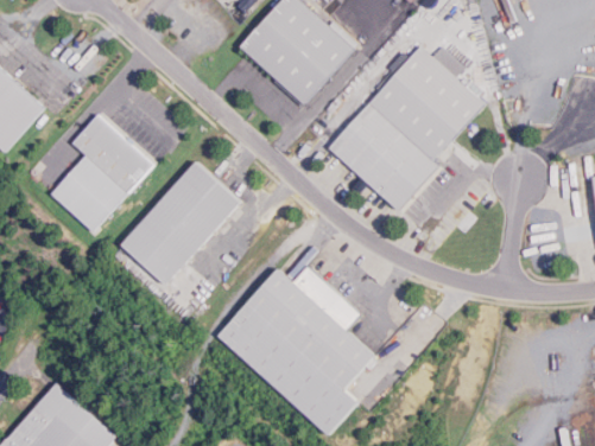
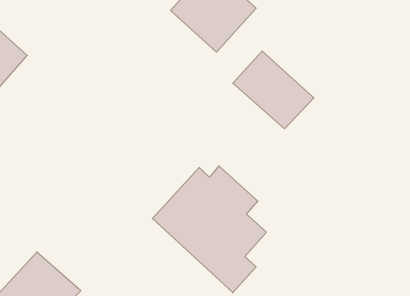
building: [368,46,483,160] -> none
building: [51,115,151,230] -> none
building: [121,163,242,286] -> none

